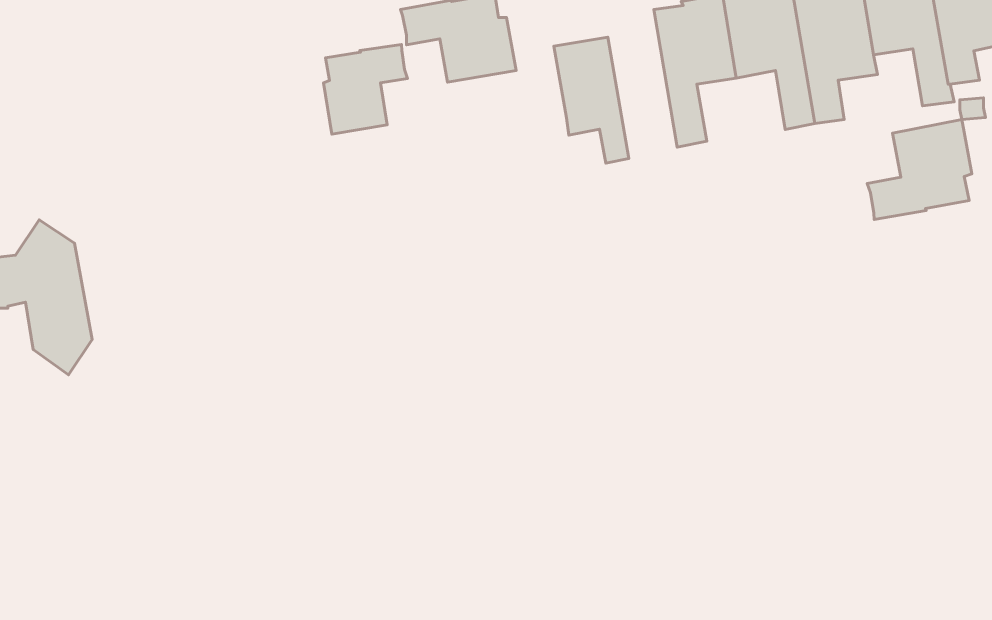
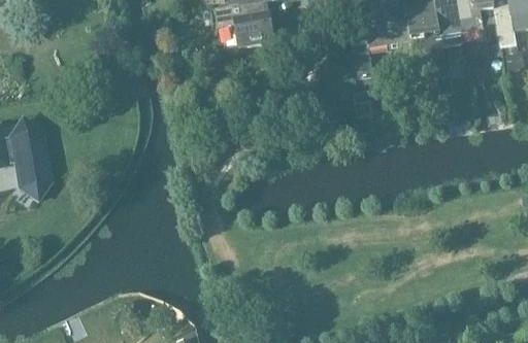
building: [554,37,629,163] -> none
building: [323,44,407,134] -> none
building: [867,120,972,219] -> none

